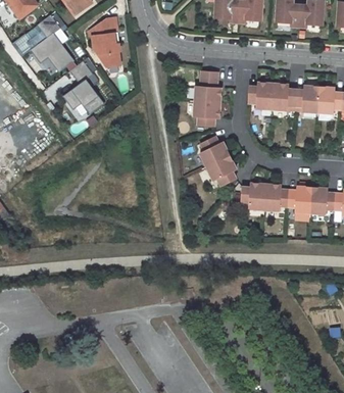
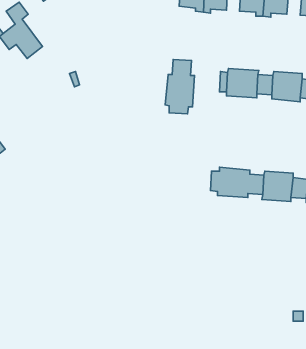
building: [87,16,120,65] -> none
building: [62,60,103,114] -> none
building: [202,137,240,188] -> none

